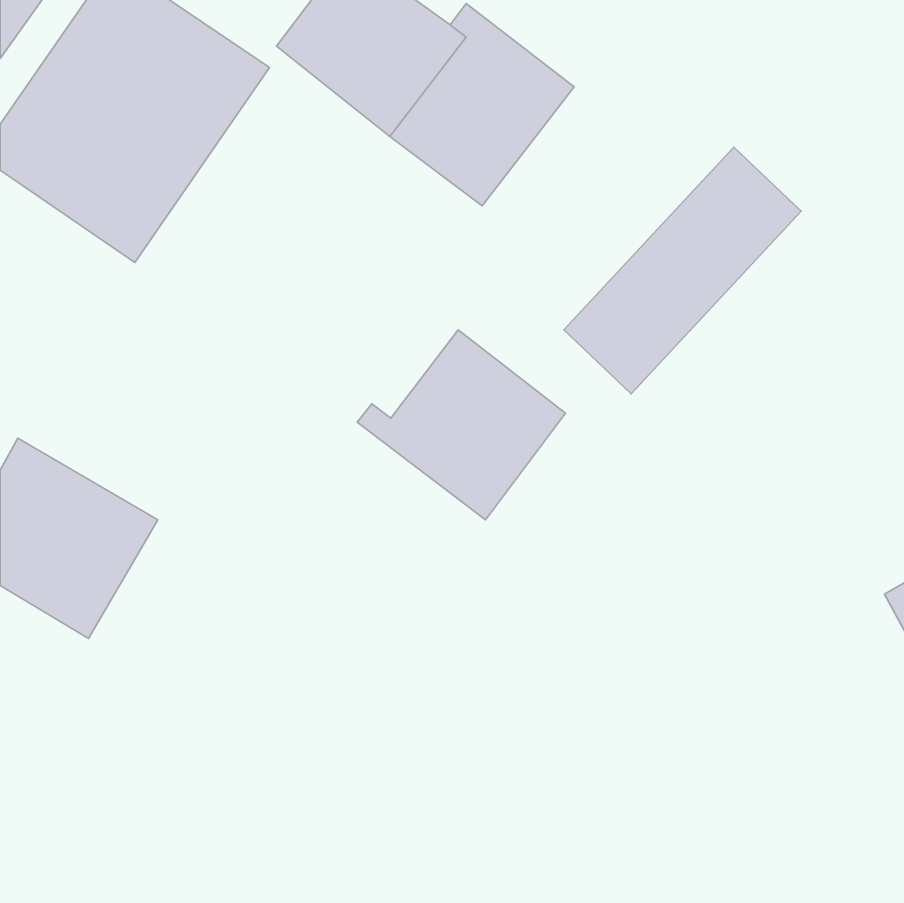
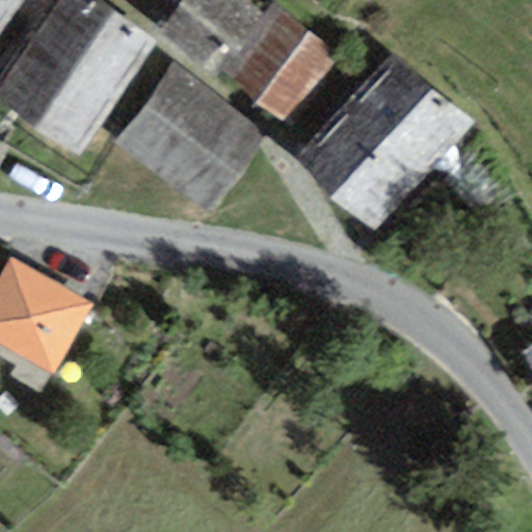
building: none -> [294,52,431,193]
building: none -> [114,64,266,212]
building: [357,330,566,520] -> none

